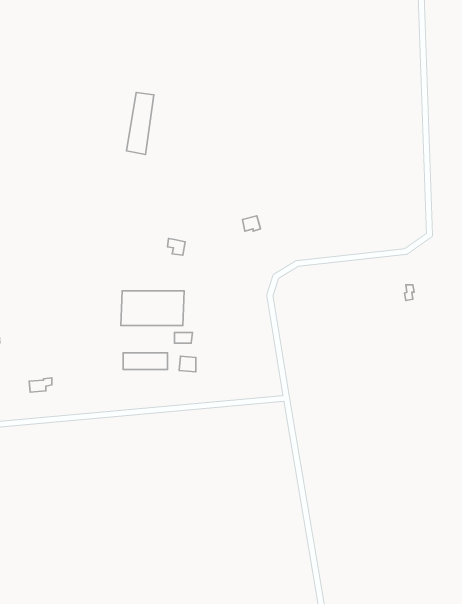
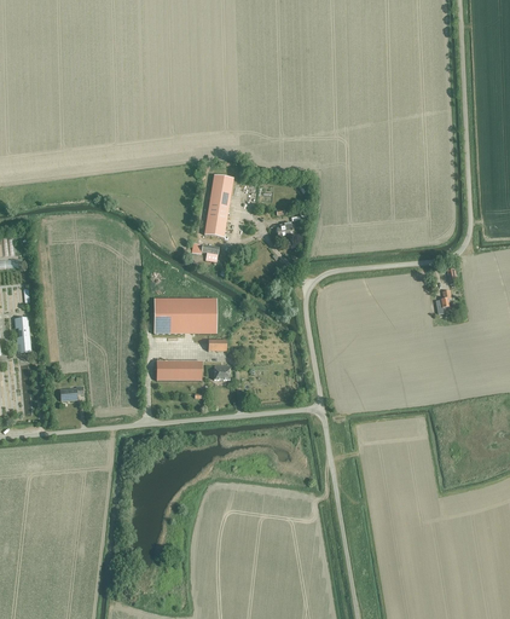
building: [127,93,154,154] -> [204,174,232,237]

